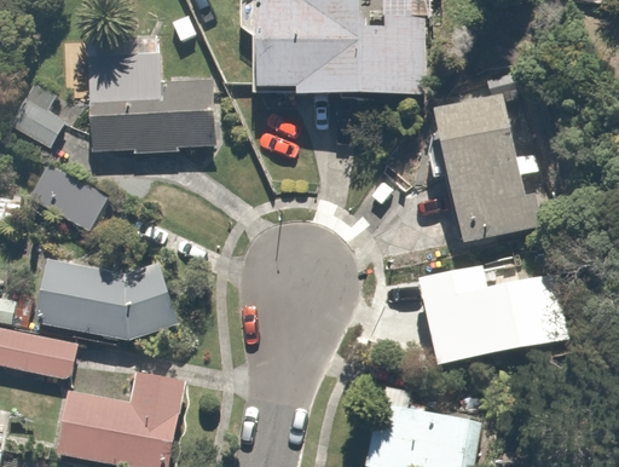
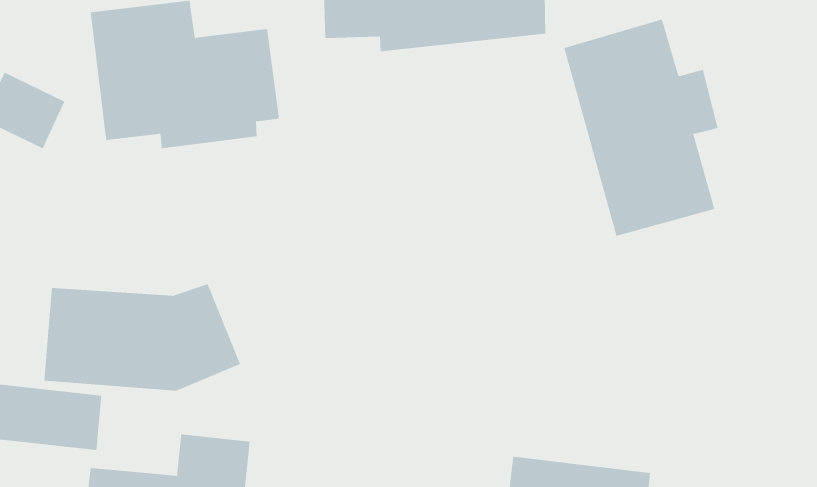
building: [27,166,109,232] -> none
building: [418,254,555,367] -> none

